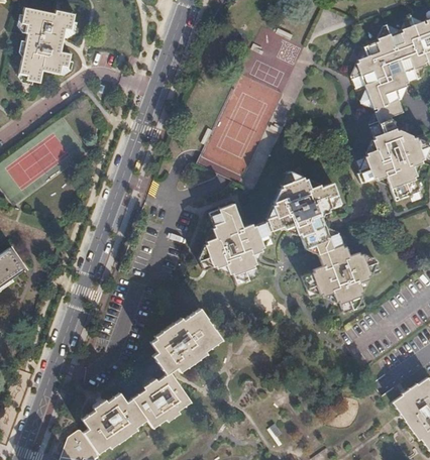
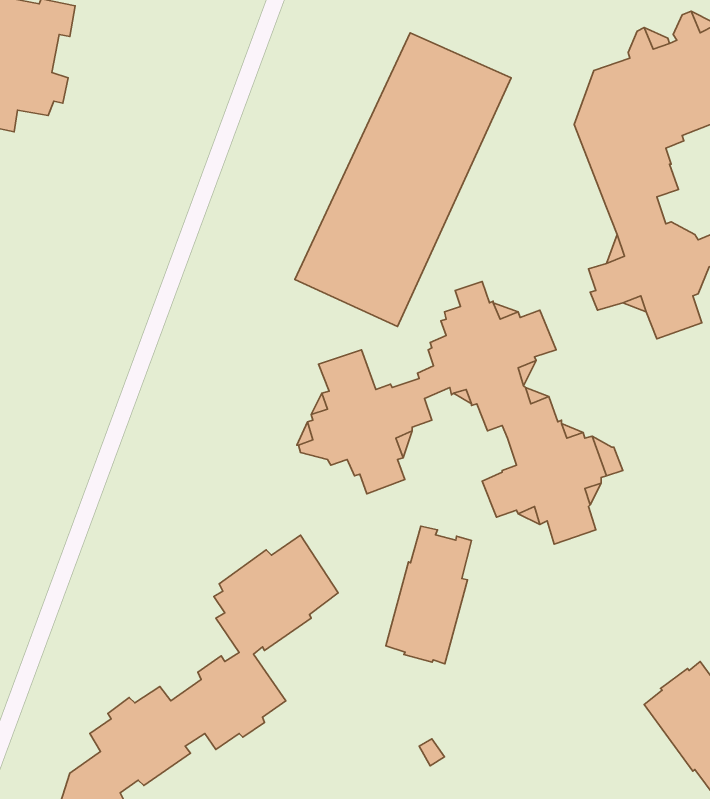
building: none -> [386,526,472,664]

